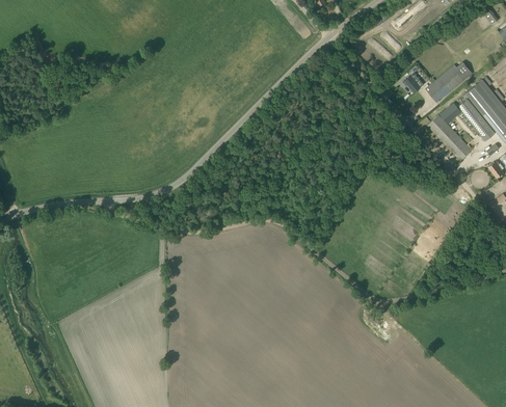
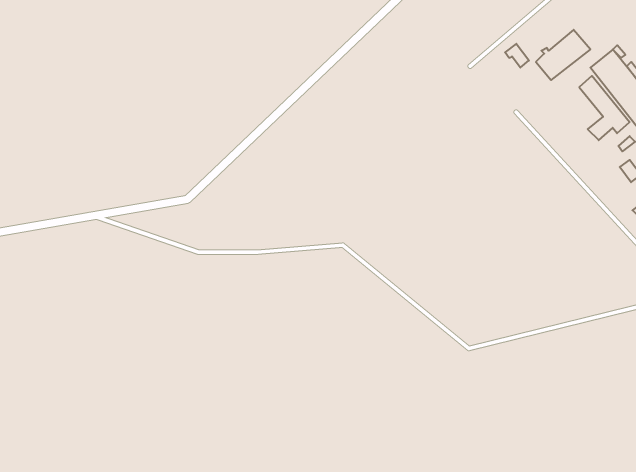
building: [427,114,472,160] -> none

